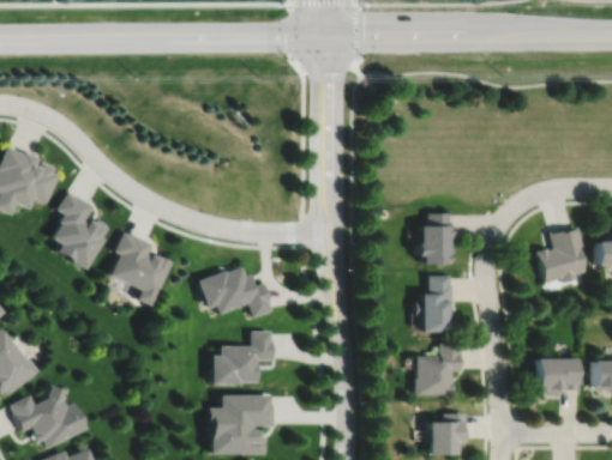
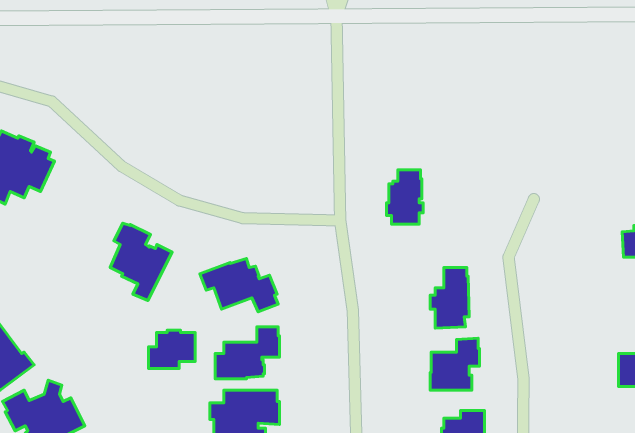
building: [54,193,109,271] -> none
building: [418,214,452,266] -> [386,170,423,224]
building: [538,228,588,284] -> none
building: none -> [149,330,195,368]
building: [536,356,581,393] -> none

